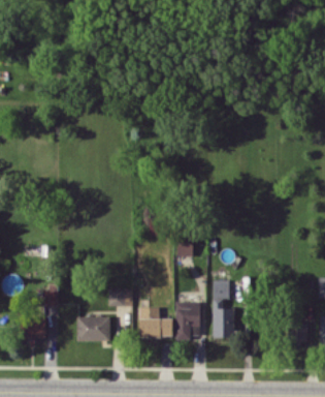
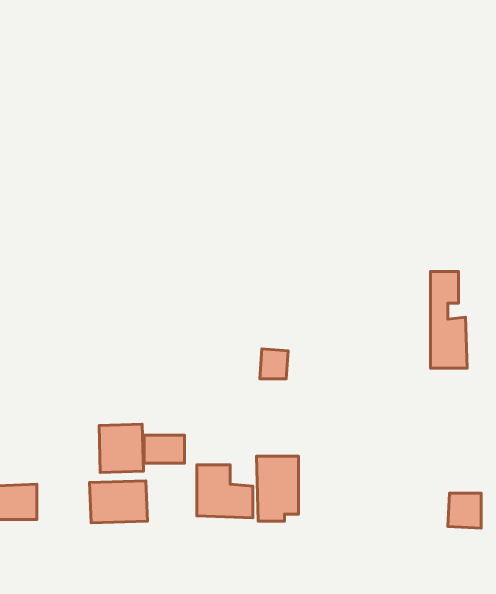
building: [213,281,234,338] -> [430,272,467,368]
building: none -> [99,424,143,472]

